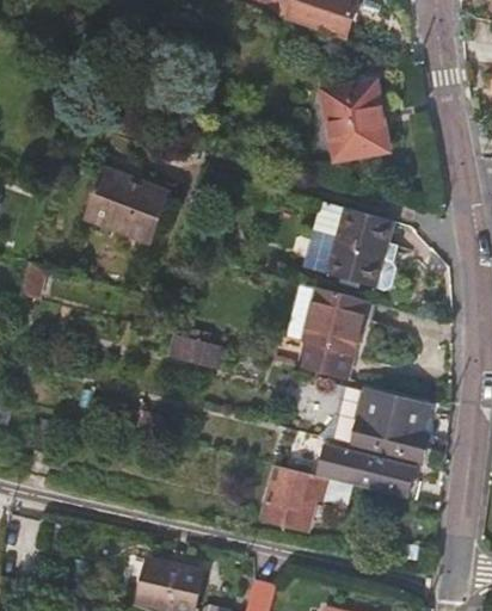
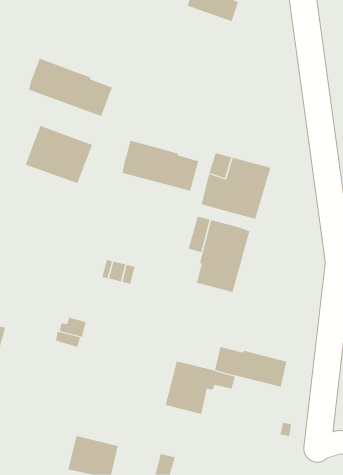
building: [322,81,392,160] -> none
building: none -> [28,58,113,117]
building: none -> [122,140,199,192]
building: [318,383,437,463] -> none

